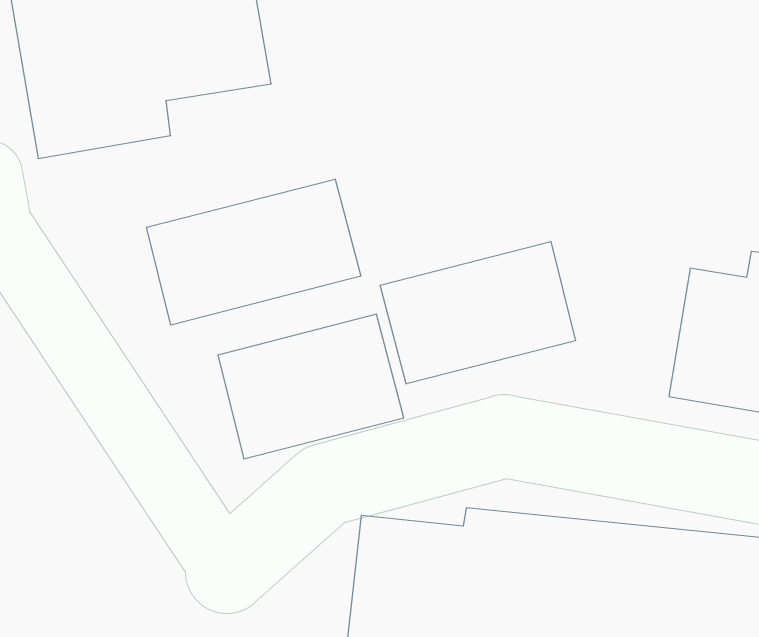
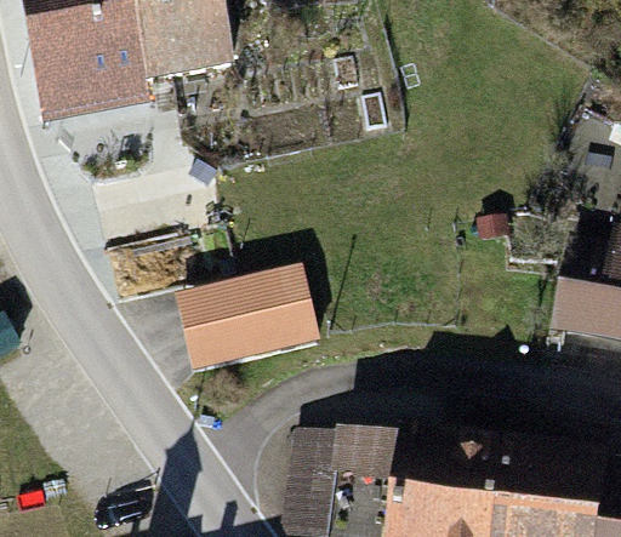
building: [146,179,361,325] -> none
building: [380,241,575,384] -> none

